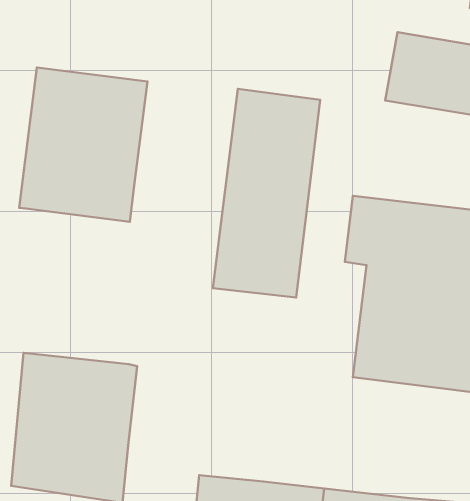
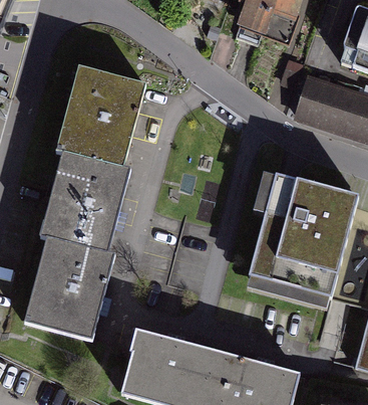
building: [213,89,320,298] -> none
building: none -> [36,150,131,256]

